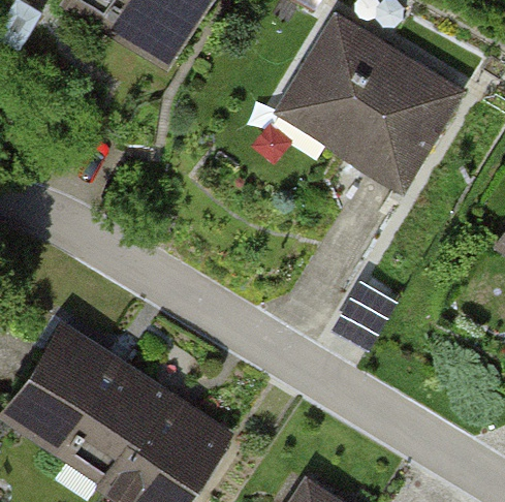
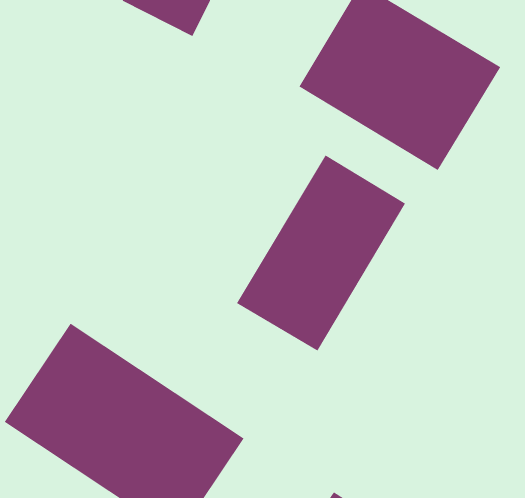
building: none -> [236,155,406,351]

